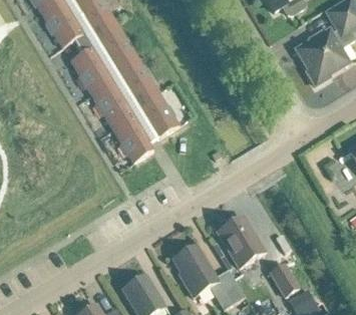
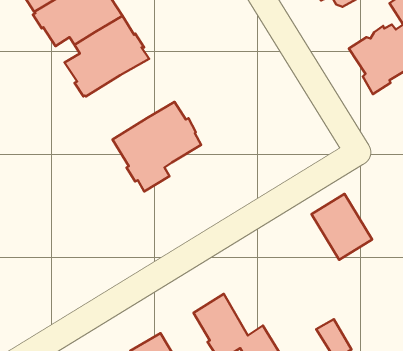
building: [86,56,156,120] -> none
building: [216,215,264,267] -> [312,194,372,260]

